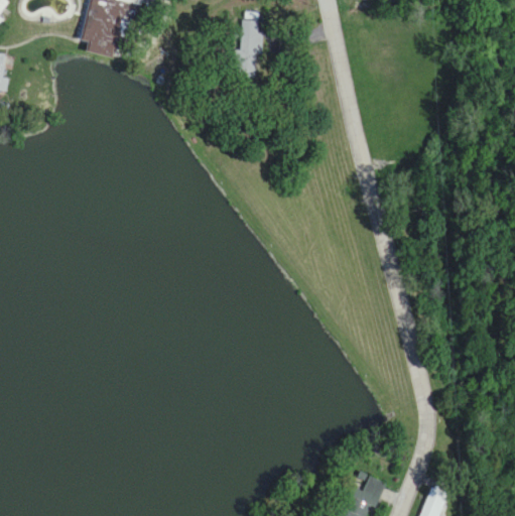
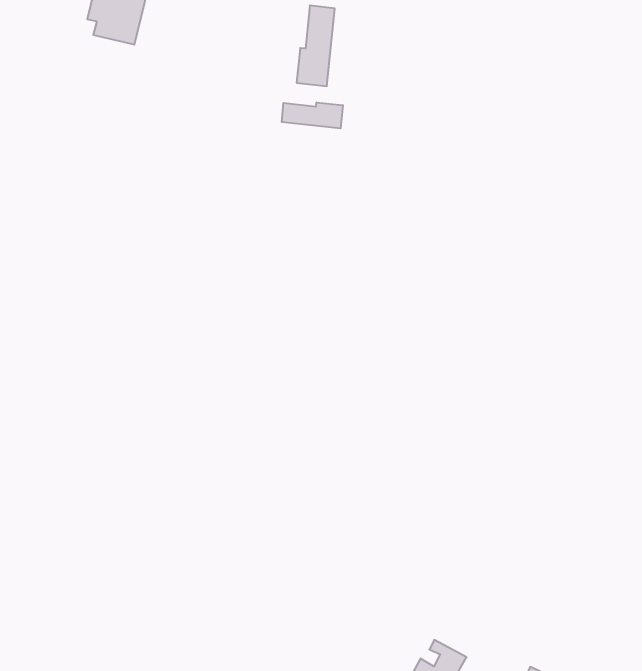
building: none -> [282,102,343,128]

